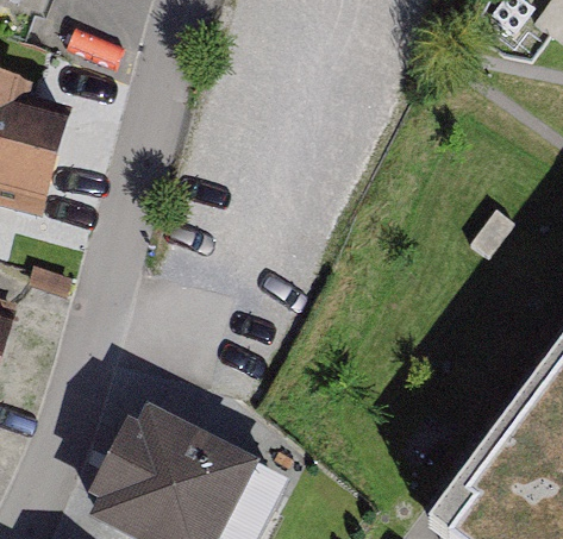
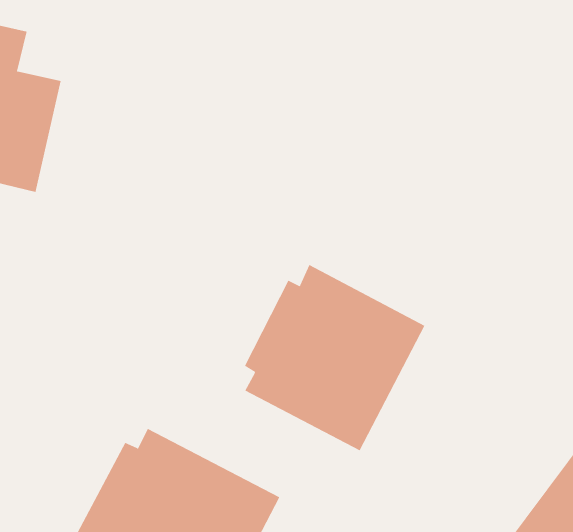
building: none -> [244,264,425,451]

